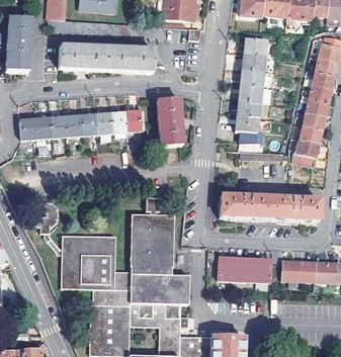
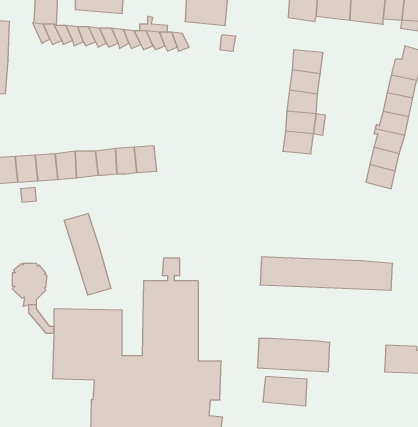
building: [59,46,155,73] -> none
building: [157,97,183,147] -> none
building: [235,115,262,144] -> none
building: [291,139,319,165] -> none
building: none -> [64,213,111,295]
building: [281,260,315,282] -> [263,377,307,406]

